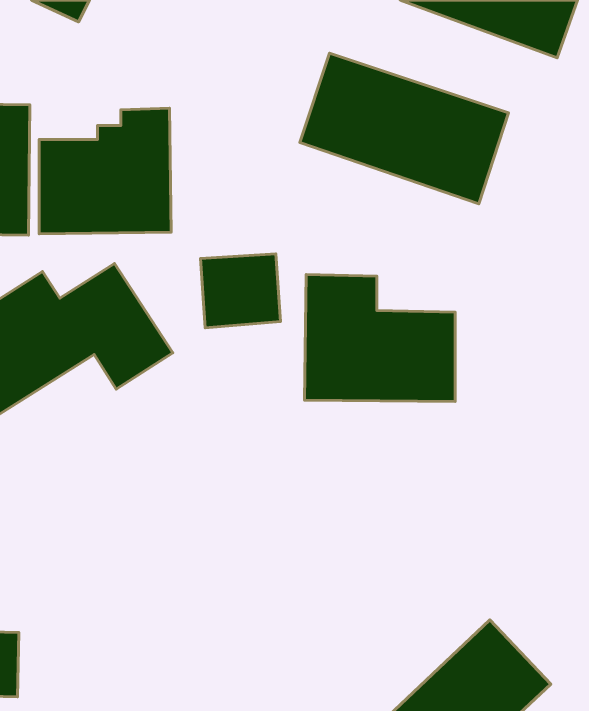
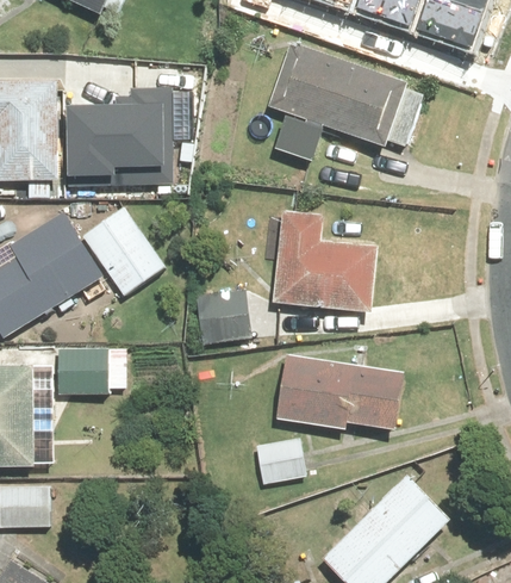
building: [200,254,281,328] -> [191,289,251,345]
building: none -> [55,347,111,401]
building: none -> [276,358,409,434]
building: none -> [253,439,306,483]

